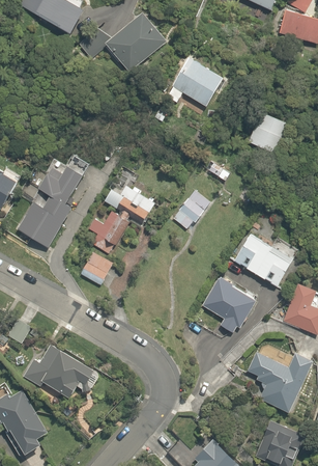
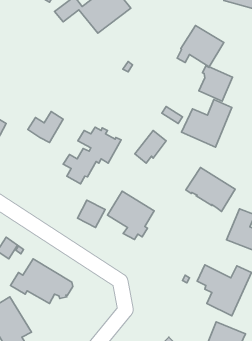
building: [168,57,224,107] -> [177,25,224,67]
building: none -> [182,100,232,147]
building: [18,197,74,247] -> none
building: [79,251,112,284] -> [77,200,105,228]
building: [200,274,256,332] -> [108,191,154,239]

